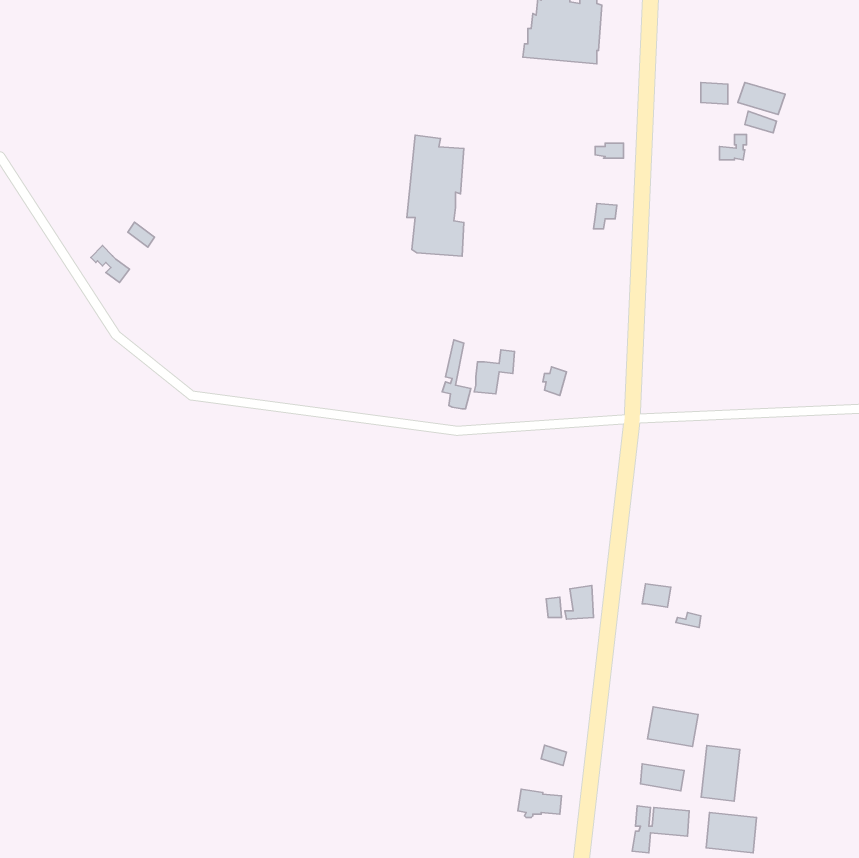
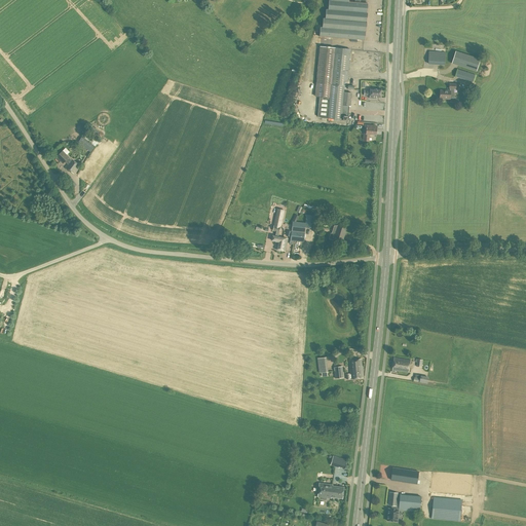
building: [407,135,464,256] -> [314,45,349,119]
building: [647,707,698,746] -> none
building: [701,746,740,801] -> none

